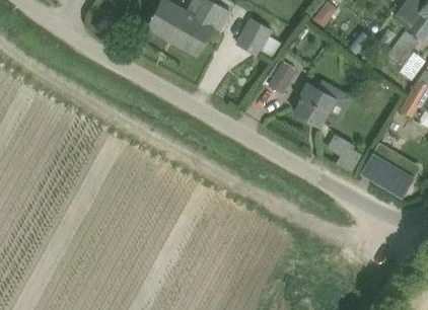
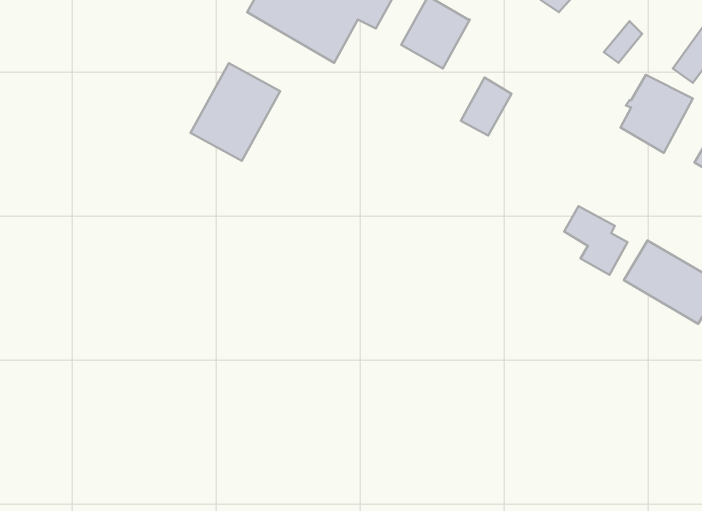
building: none -> [190,63,280,161]
building: [294,83,335,127] -> [620,75,693,153]

